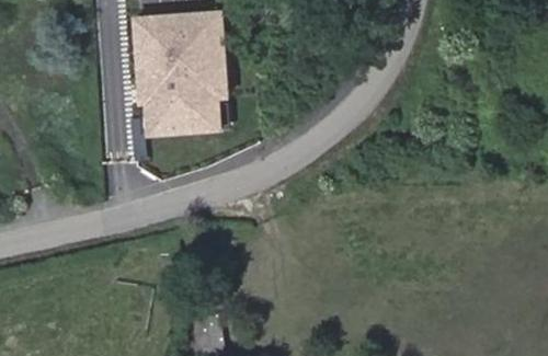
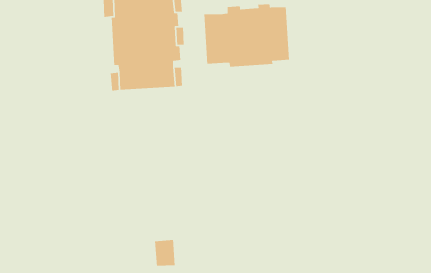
building: none -> [204,4,290,67]

